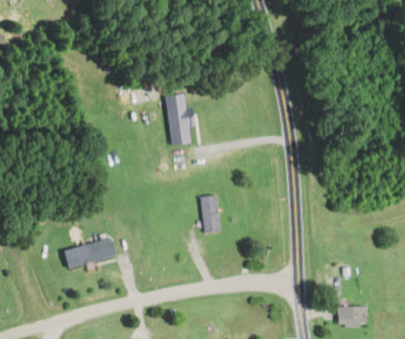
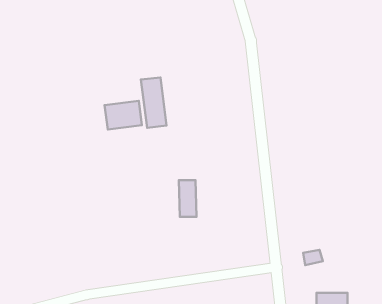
building: none -> [105,101,142,129]
building: [63,237,118,268] -> none

